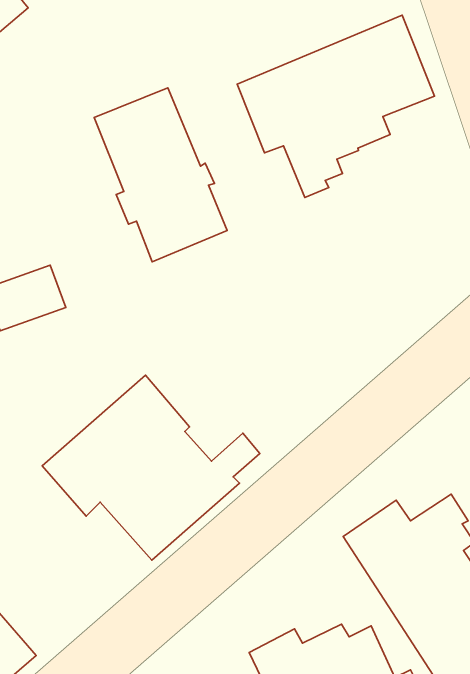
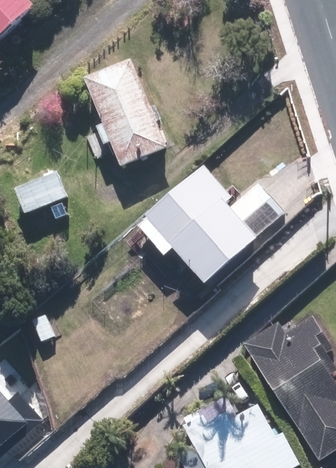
building: [237,15,434,198] -> none
building: [42,375,260,560] -> [136,164,275,282]

